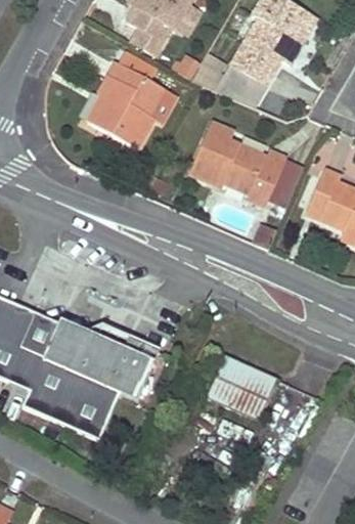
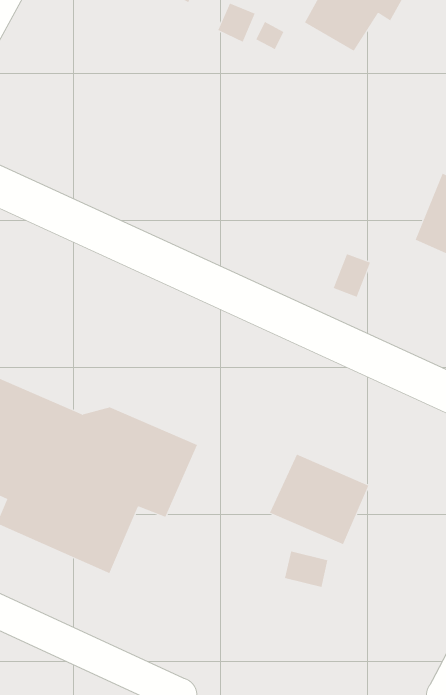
building: [88,60,178,147] -> none
building: [190,122,287,207] -> none

